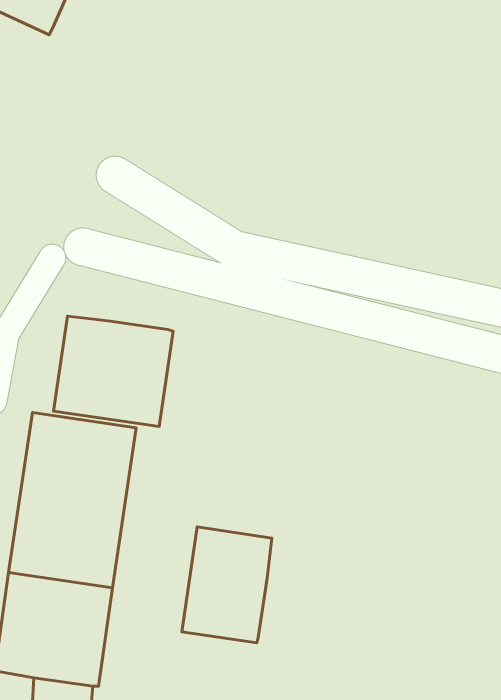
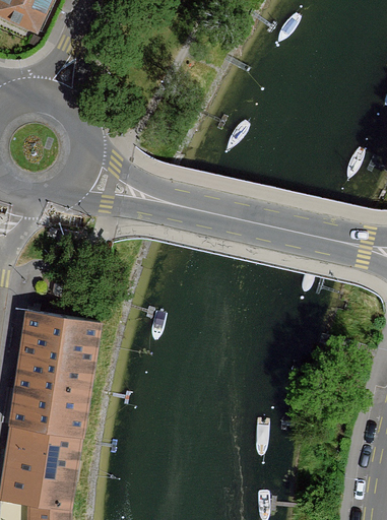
building: [53,316,173,426] -> none
building: [182,527,272,643] -> none

